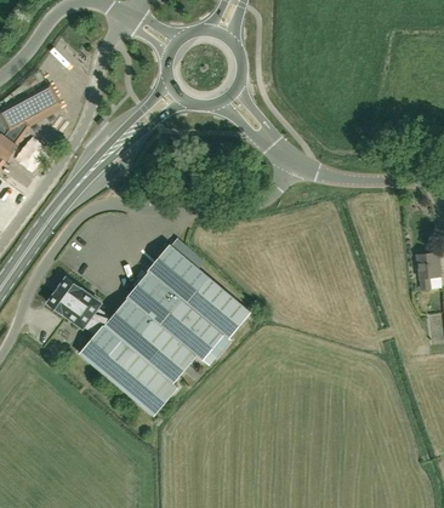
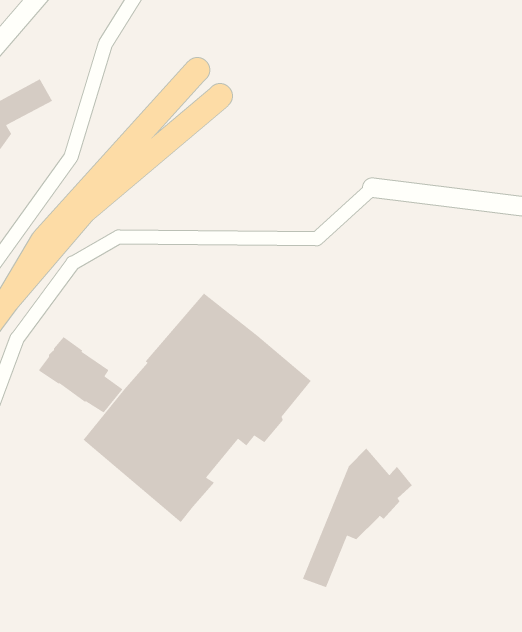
building: none -> [302,448,413,588]

